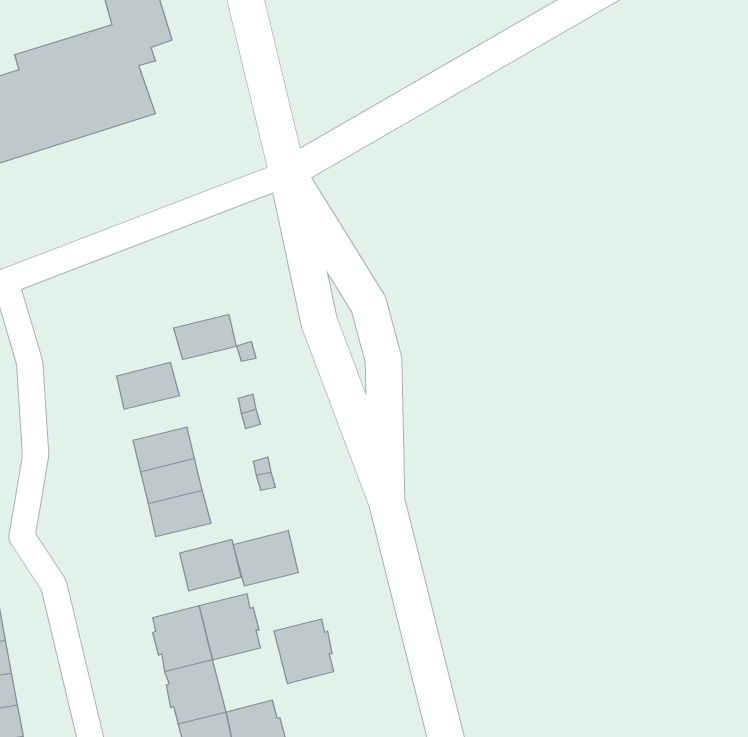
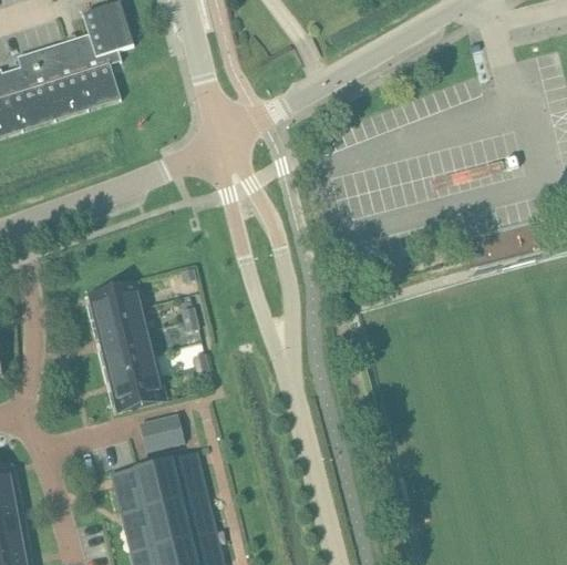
building: [174,315,237,360] -> [97,307,144,340]
building: [233,530,298,586] -> none
building: [274,619,334,684] -> [163,493,207,541]

